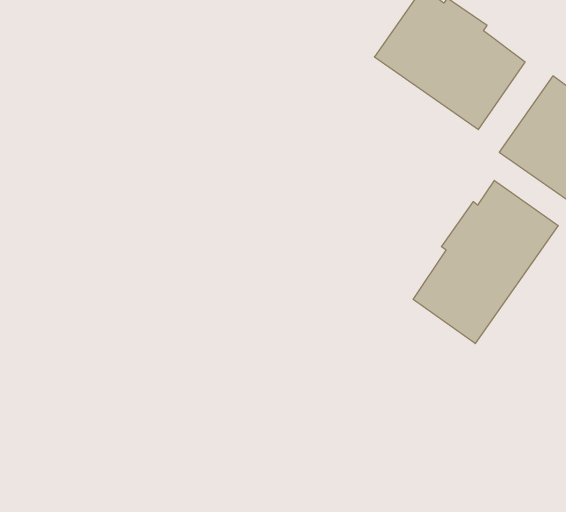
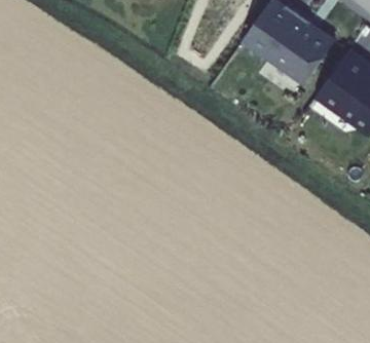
building: [413,180,558,344] -> none

